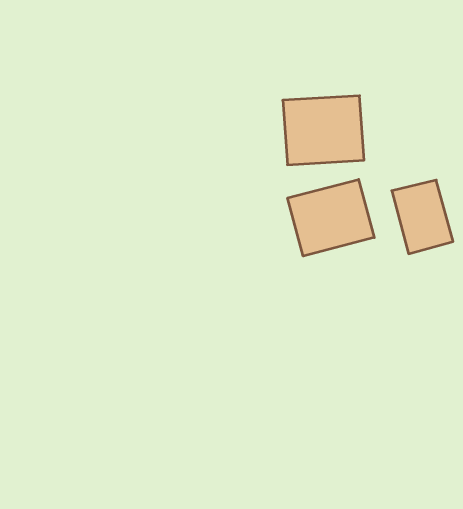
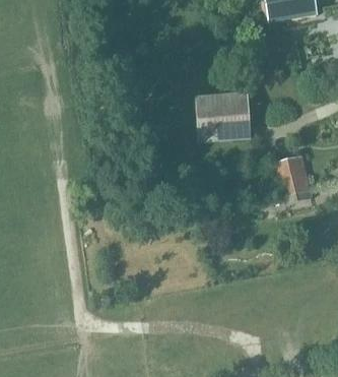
building: [288,179,374,256] -> none

